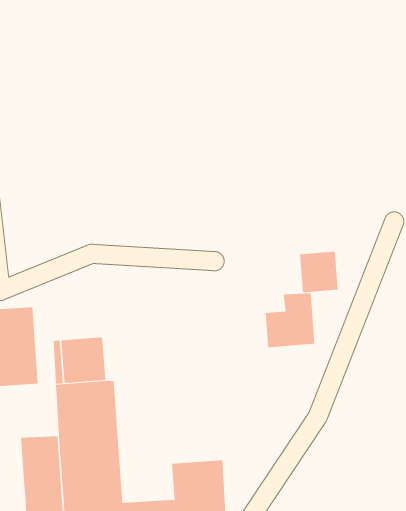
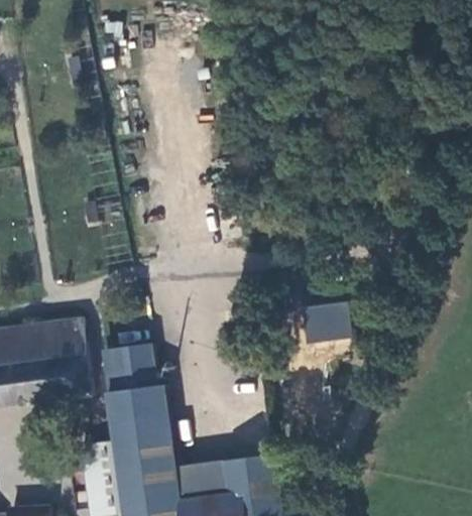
building: [299,251,338,293] -> none
building: none -> [174,459,228,499]

